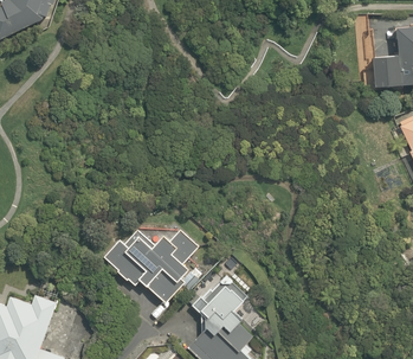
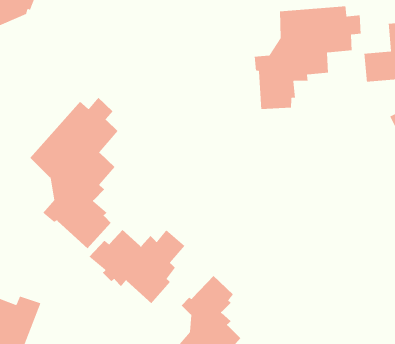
building: none -> [254,5,361,110]
building: none -> [29,97,118,249]

